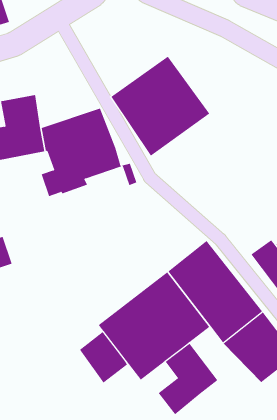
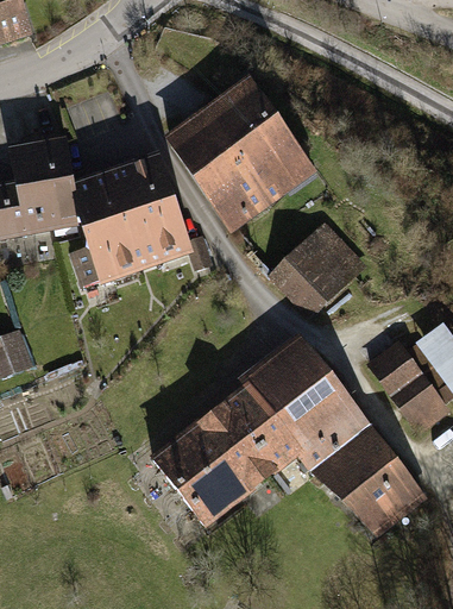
building: none -> [269,220,357,308]
building: [79,331,128,383] -> none
building: [158,343,218,415] -> none

